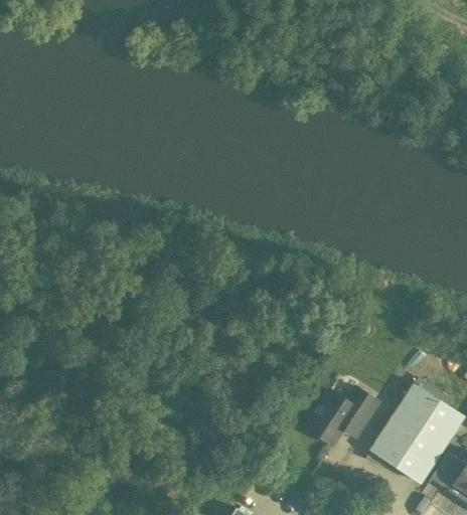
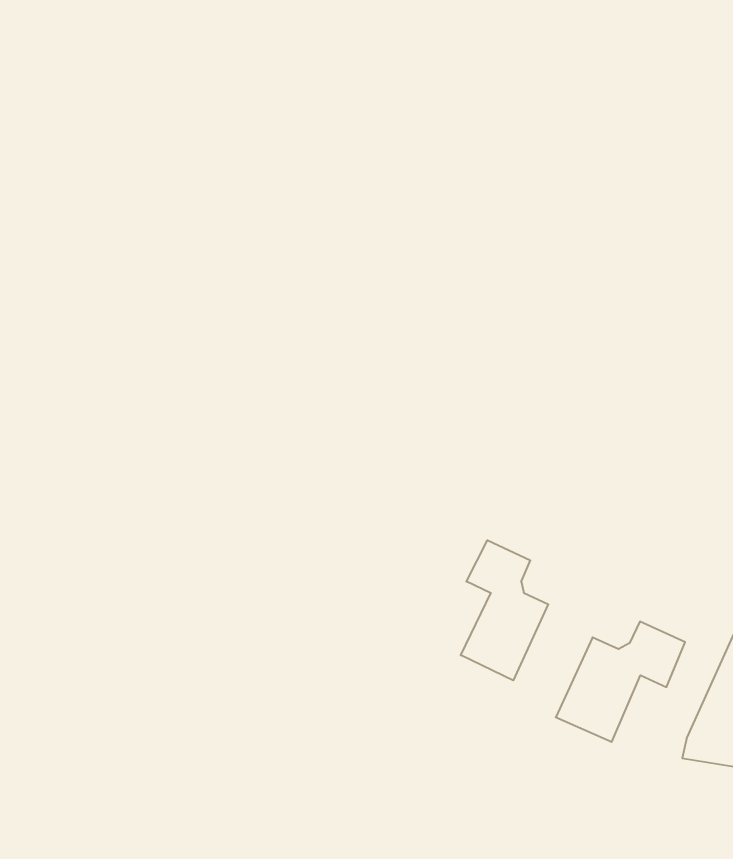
building: none -> [461,540,548,680]

